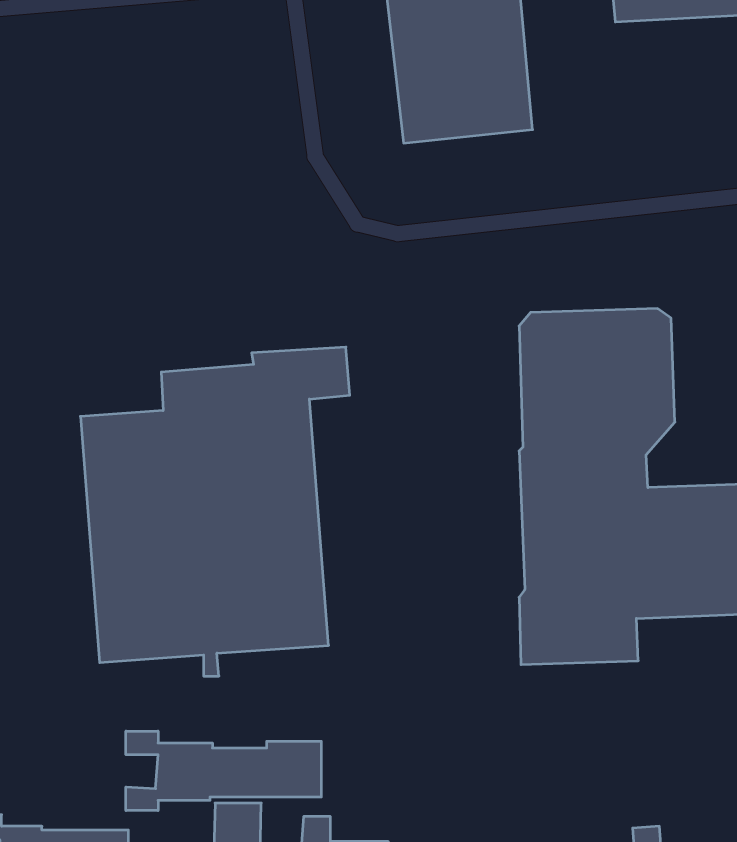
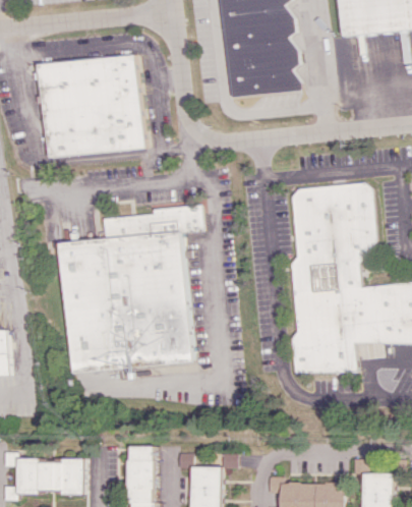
building: none -> [40,56,143,157]
building: [126,731,321,811] -> none

